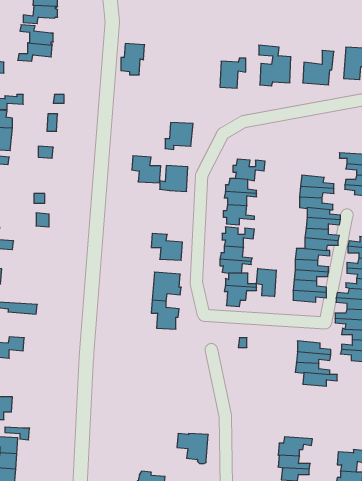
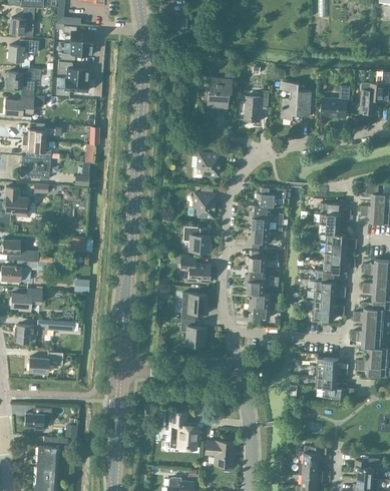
building: [121,44,145,75] -> [209,78,231,107]
building: [132,156,161,183] -> [182,226,210,252]
building: [257,268,276,297] -> none
building: none -> [169,413,198,450]

